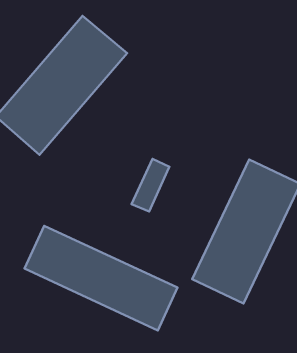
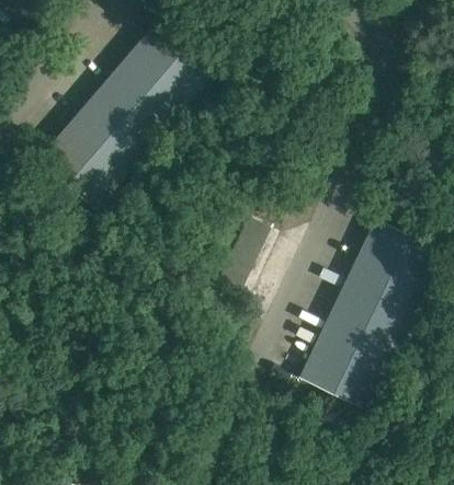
building: [24,226,178,330] -> none

